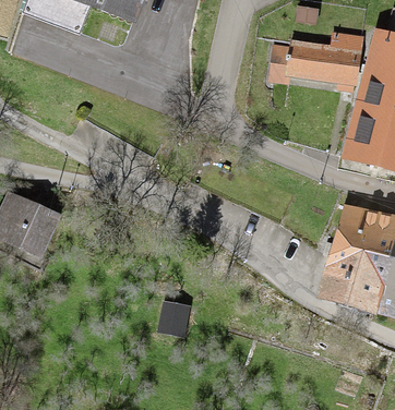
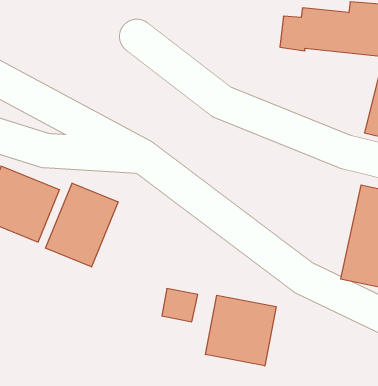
building: none -> [46,183,118,267]
building: none -> [205,295,276,366]

